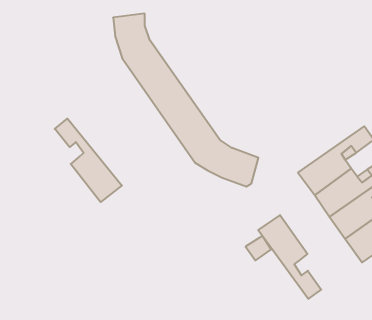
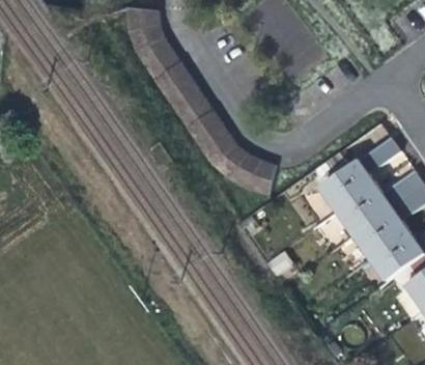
building: [55,119,122,202] -> none
building: [258,215,321,299] -> none

